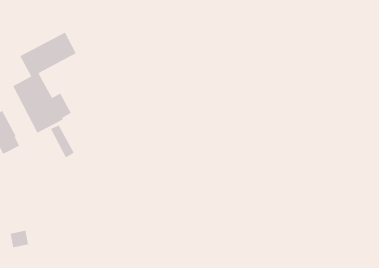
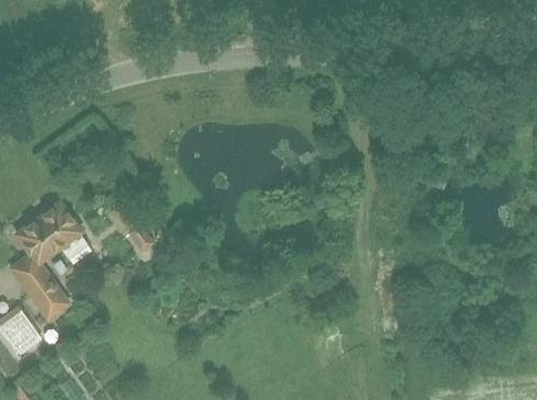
building: [12,32,77,134] -> none

